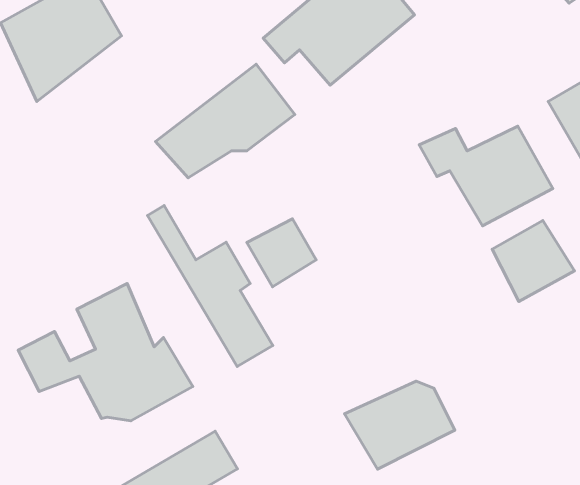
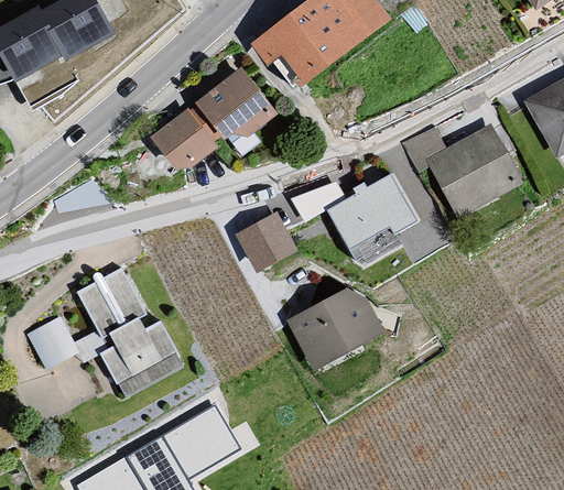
building: none -> [315,168,424,252]
building: [147,206,273,366] -> none
building: [492,221,574,302] -> none
building: [345,381,455,469] -> [283,288,387,371]

